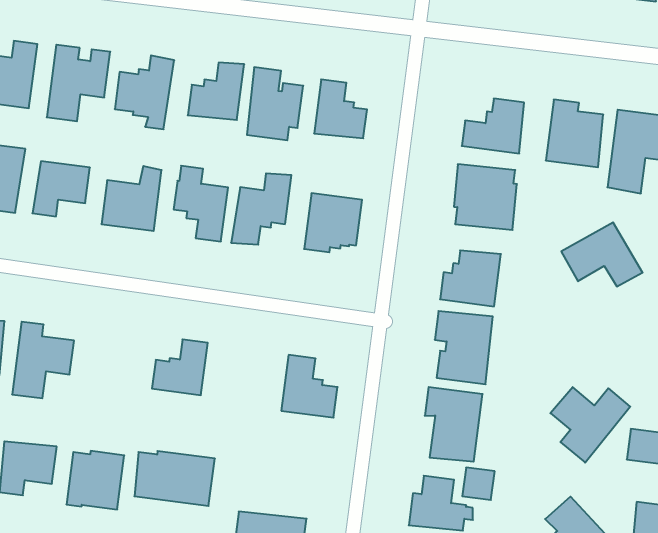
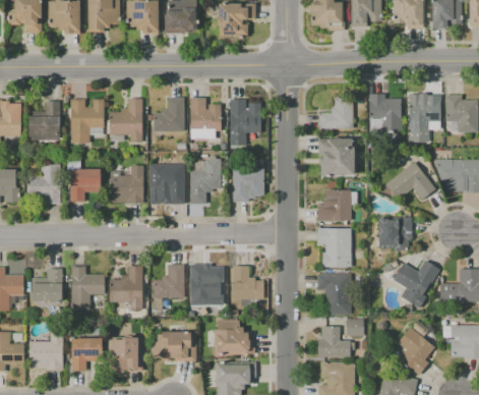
building: none -> [378,217,412,249]
building: none -> [109,267,141,309]
building: none -> [190,265,221,305]
building: none -> [215,320,255,354]

